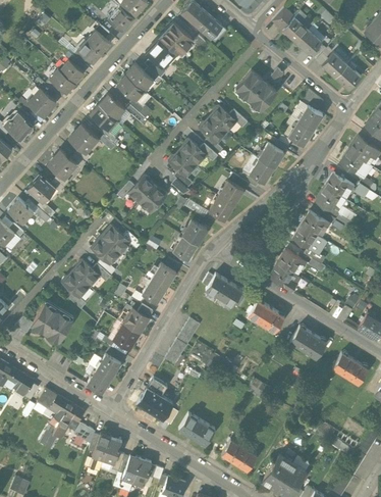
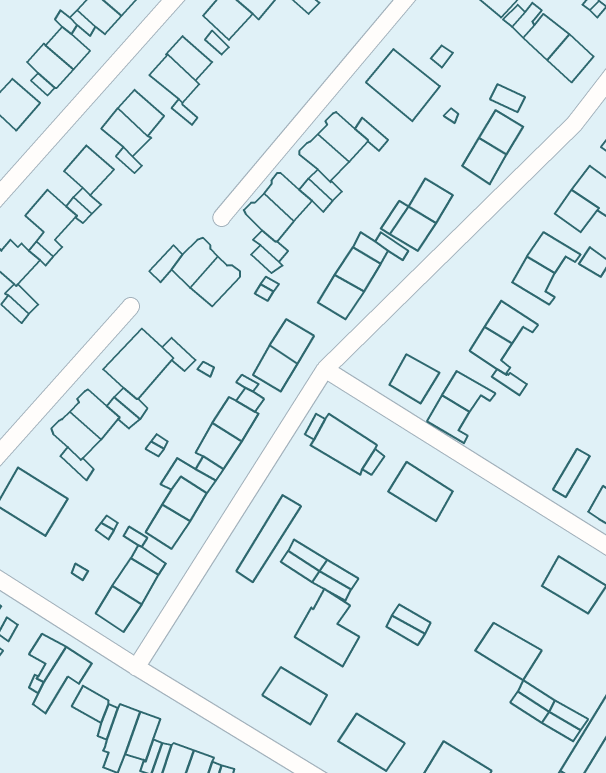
building: none -> [389,354,439,404]
building: [289,327,326,358] -> [475,623,542,680]
building: [137,377,172,419] -> [295,589,359,667]

